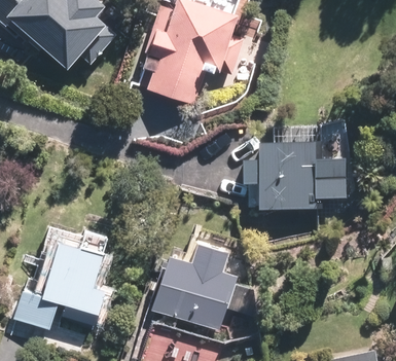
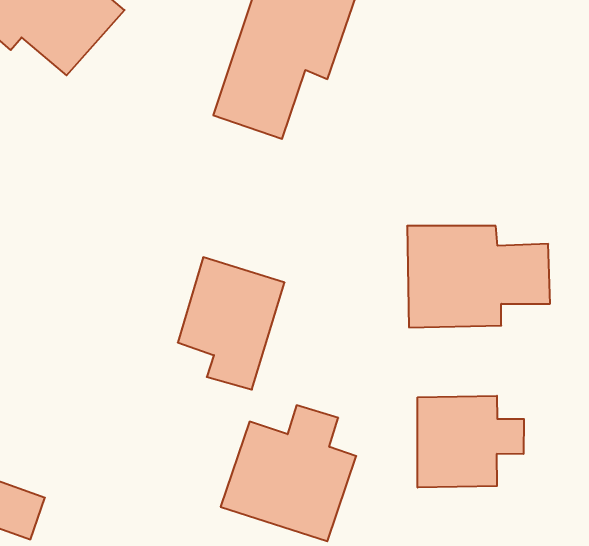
building: none -> [418,396,524,488]
building: [49,244,110,319] -> [178,257,285,390]

